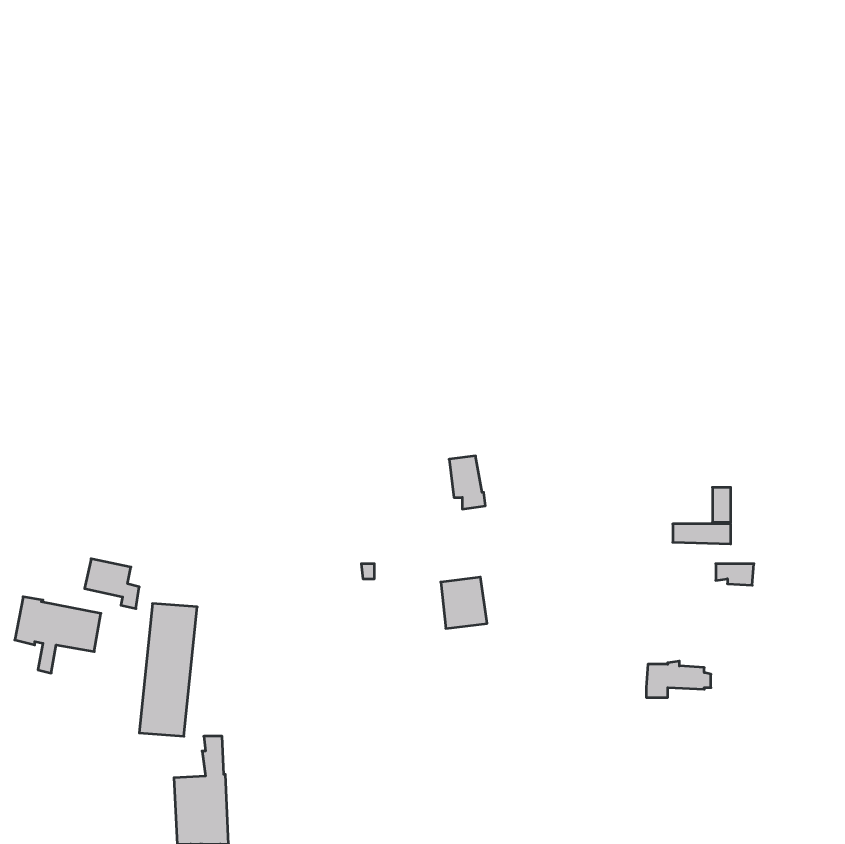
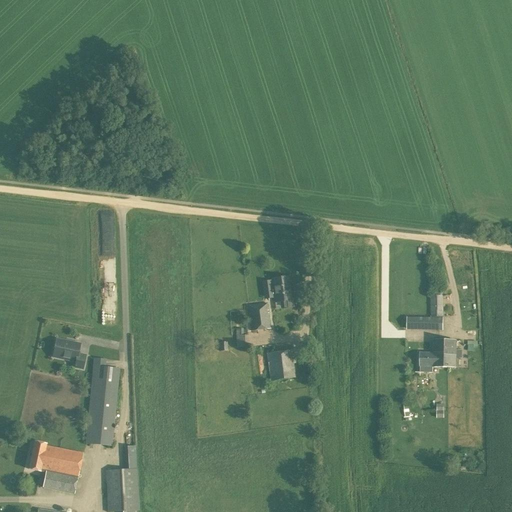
building: none -> [246,301,270,329]
building: [15,597,101,673] -> [28,441,80,487]
building: [646,661,711,697] -> [419,349,458,371]

